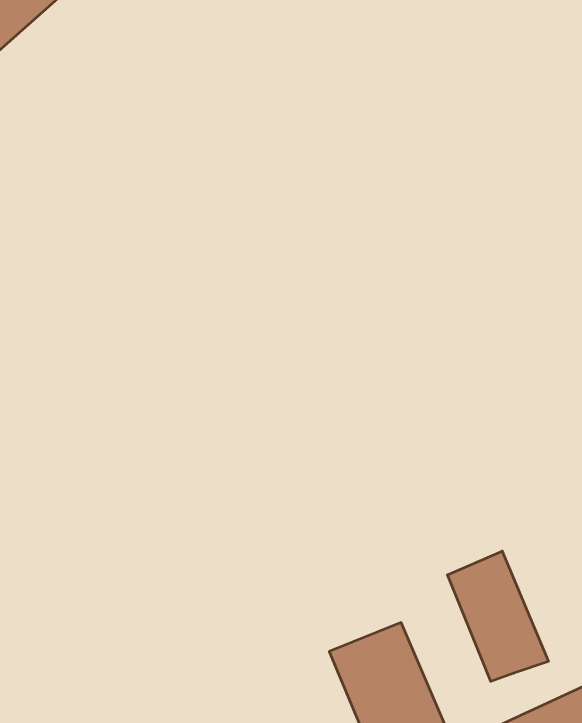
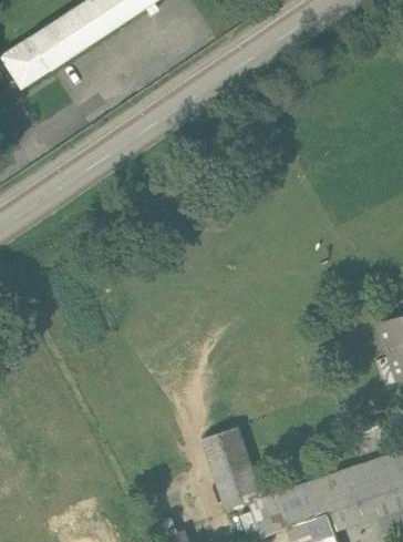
building: [447,551,548,681] -> none

